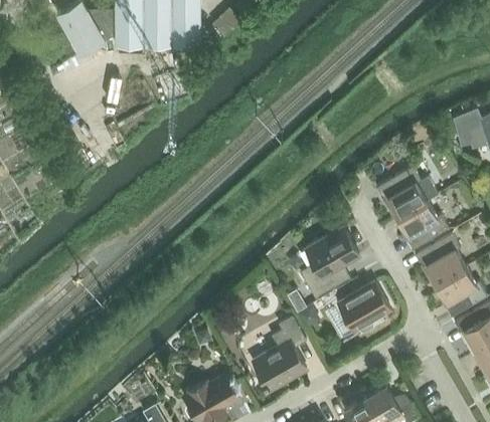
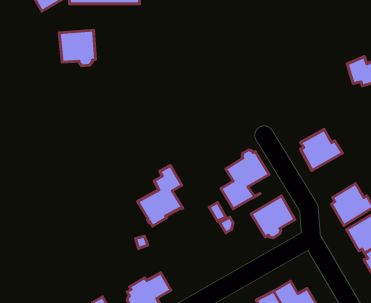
building: none -> [59,30,96,66]
building: [376,166,439,216] -> none
building: [416,233,466,283] -> none
building: [253,316,308,391] -> [138,165,183,226]

